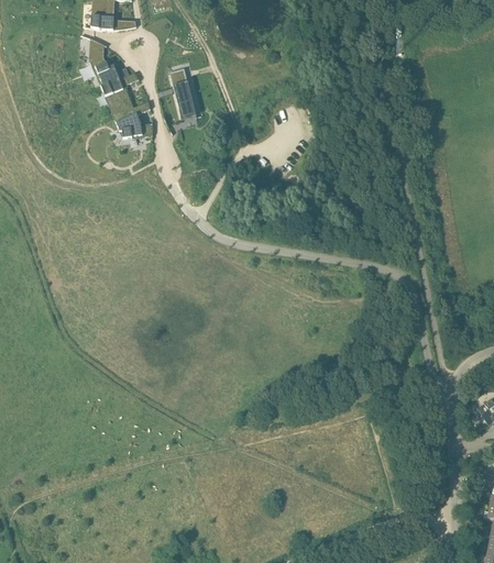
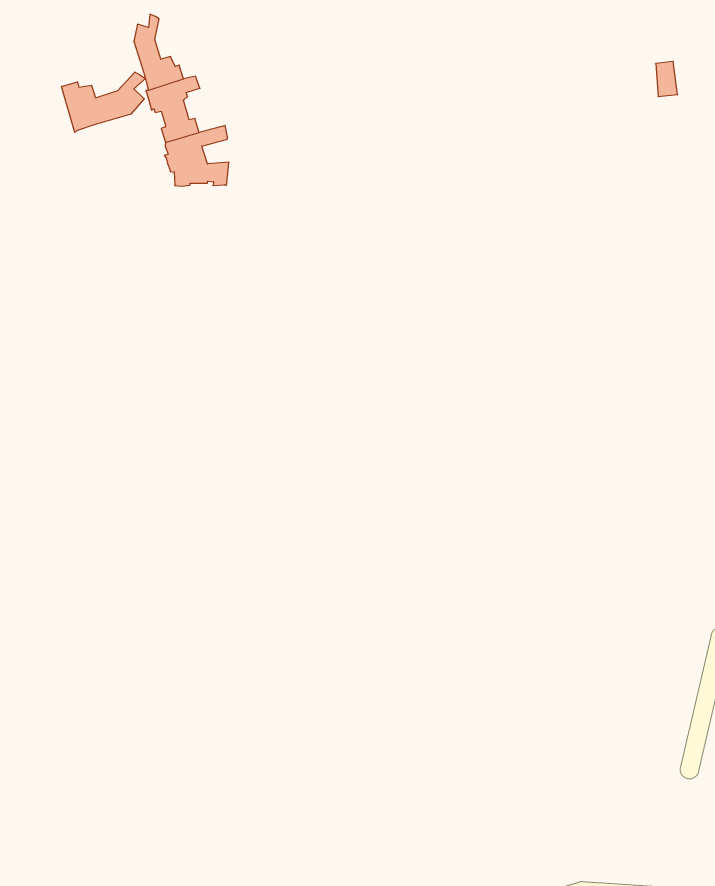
building: [168,67,196,120] -> none
building: none -> [62,72,145,132]

